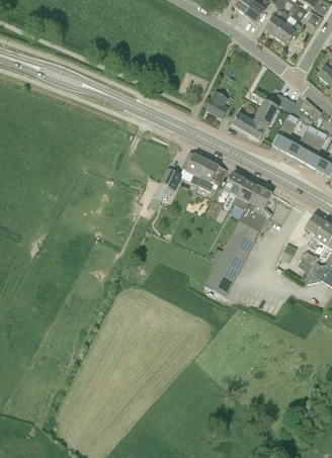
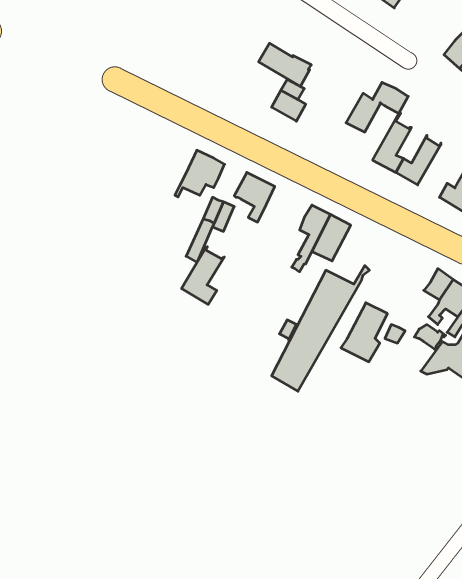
building: [233,111,267,140] -> [259,43,311,87]
building: [302,133,326,168] -> none
building: [194,161,227,191] -> [175,150,225,197]
building: [242,186,272,224] -> [341,303,387,362]
building: none -> [182,247,224,304]

